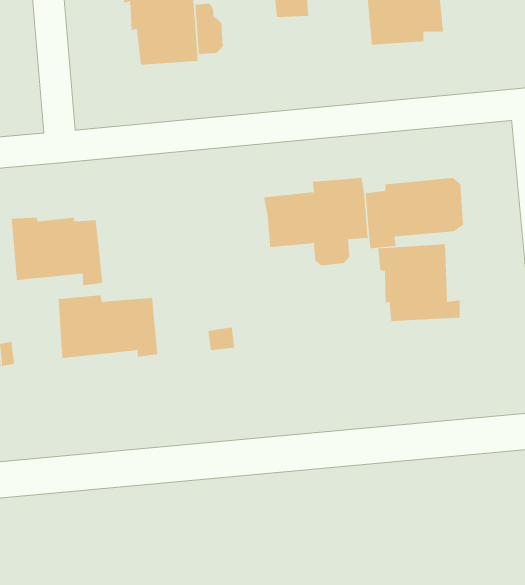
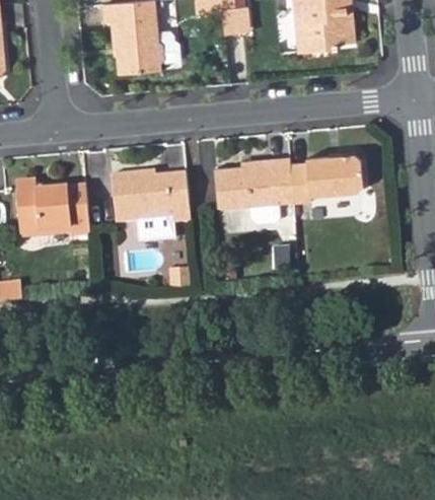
building: [378,243,460,322] -> none
building: [58,295,158,358] -> [113,170,190,219]

